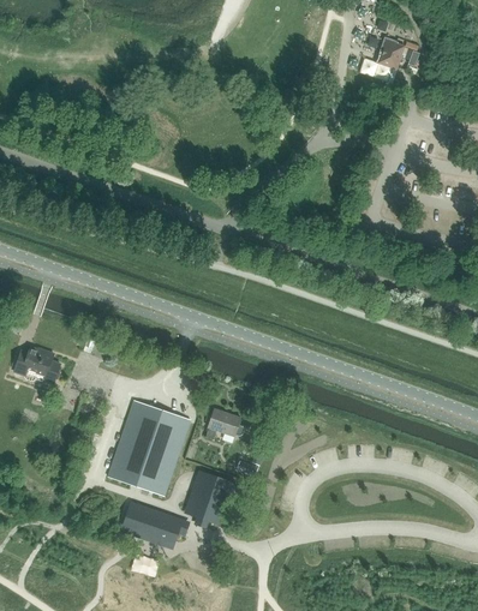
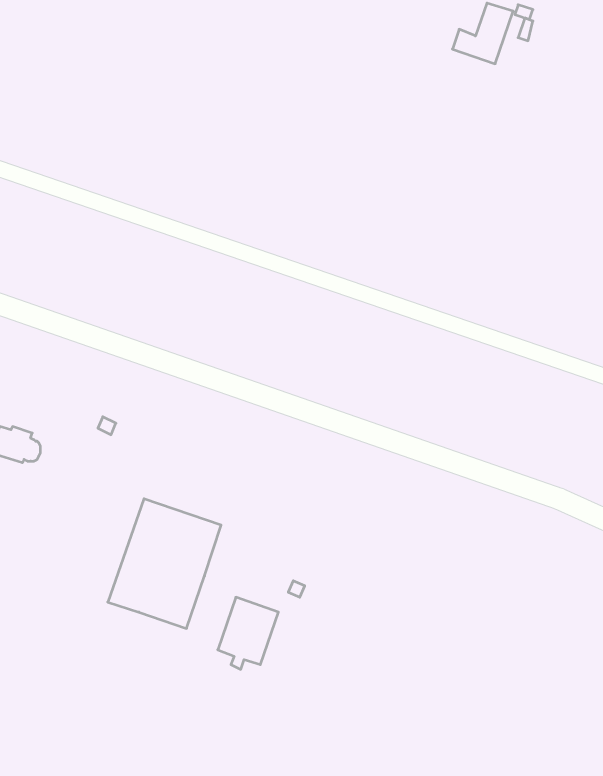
building: [205,408,244,438] -> none
building: [123,504,186,546] -> none

